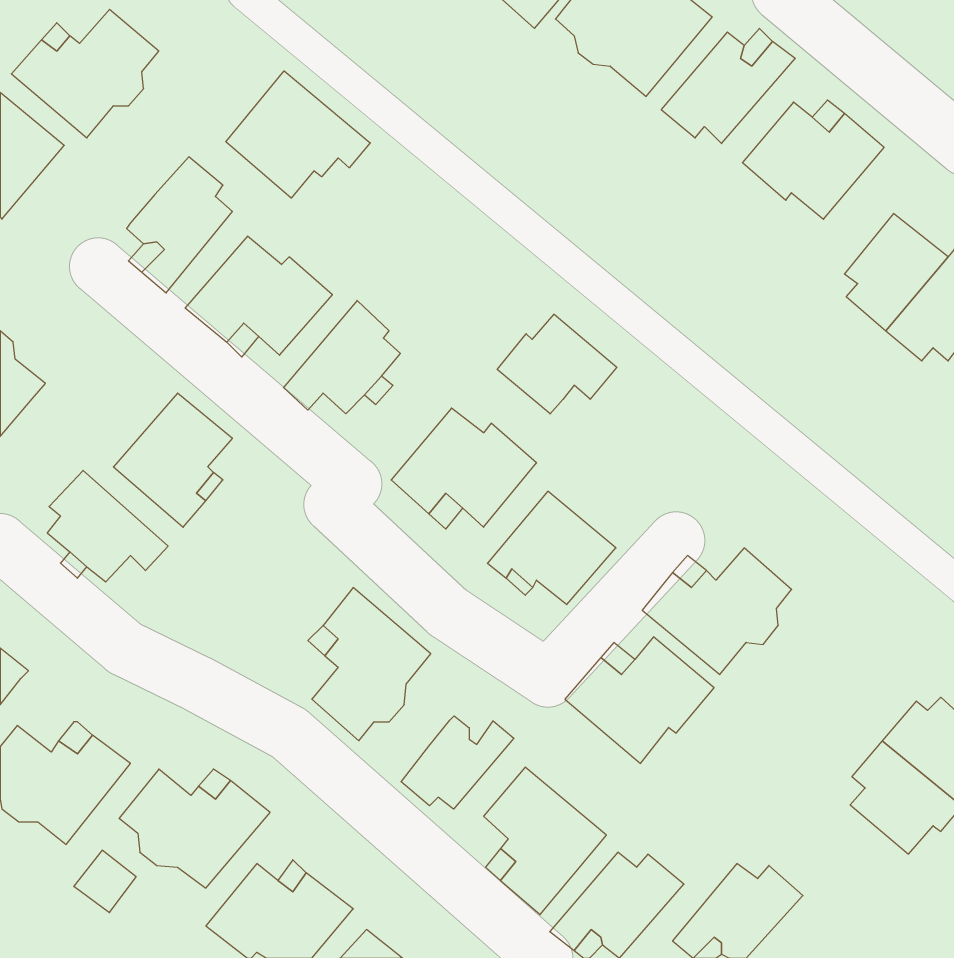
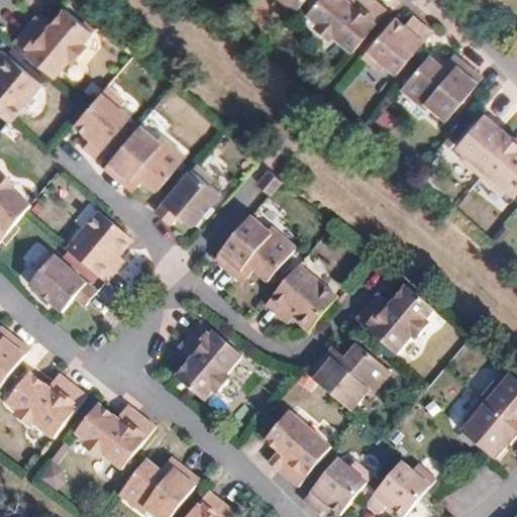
building: [226,71,370,198] -> none
building: [497,314,617,414] -> none
building: [401,716,514,809] -> none

